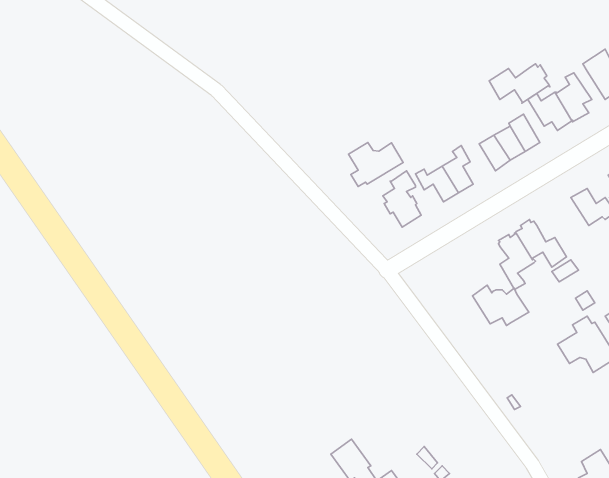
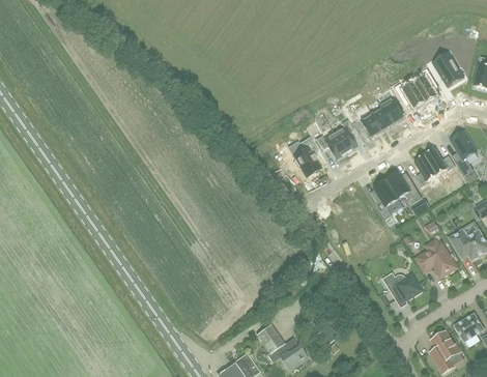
building: [489,64,550,103] -> none
building: [348,142,403,187] -> none
building: none -> [414,155,437,187]
building: [473,285,529,325] -> [382,271,422,299]

